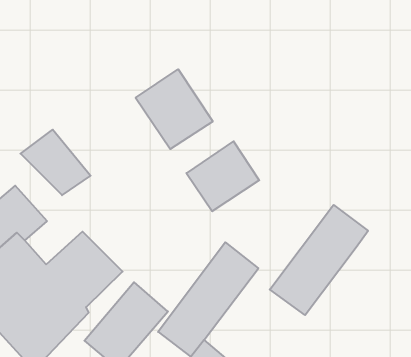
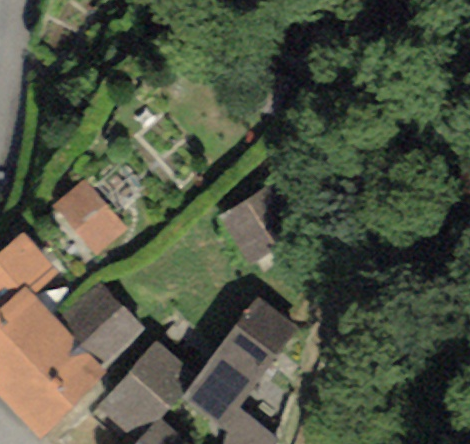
building: [136,69,213,149] -> none
building: [270,205,368,315] -> none

